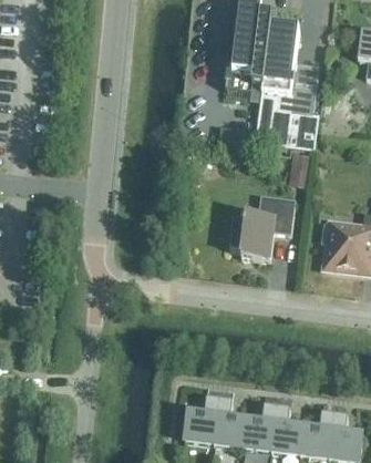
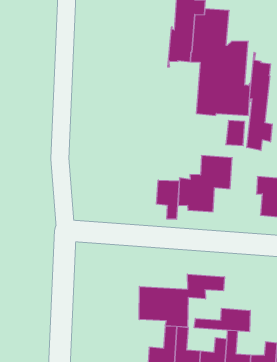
building: none -> [247,52,272,151]
building: none -> [156,180,179,219]
building: none -> [139,274,224,327]
building: none -> [194,308,250,332]

